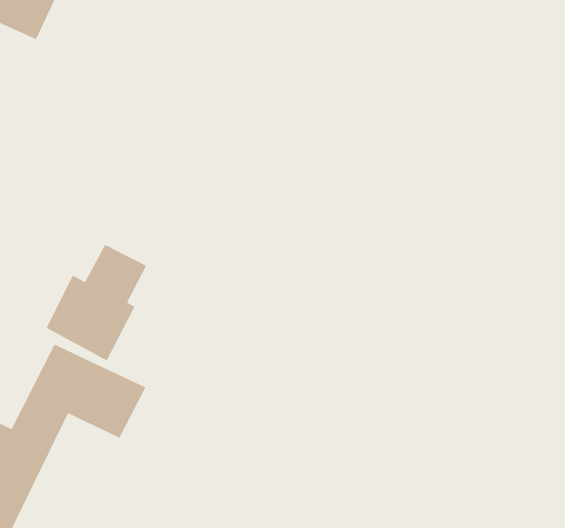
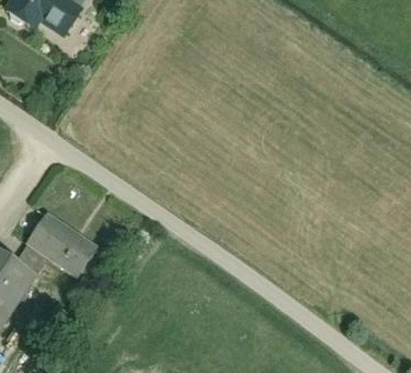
building: [46,244,147,361] -> none

